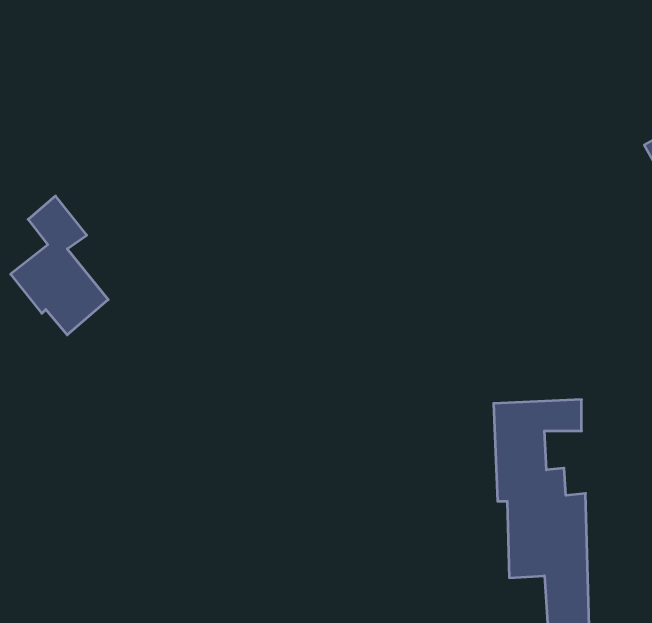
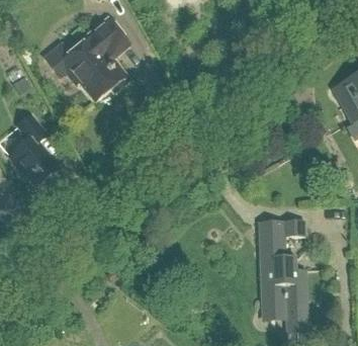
building: none -> [59,16,129,100]

